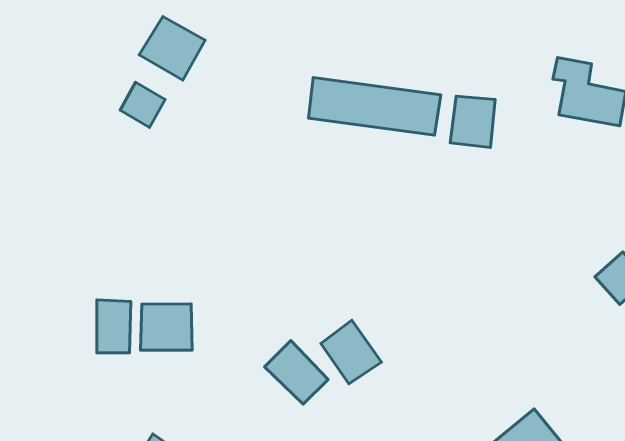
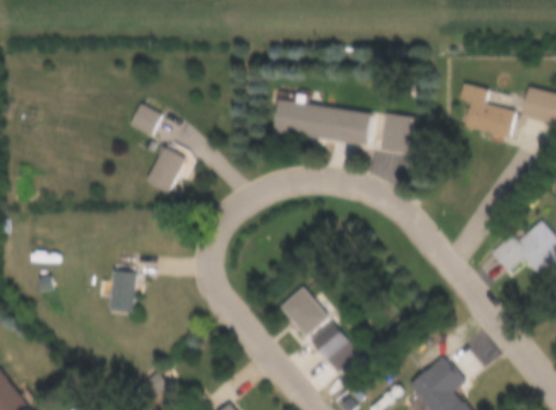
building: [139,16,205,80] -> none
building: none -> [142,145,185,192]
building: [141,304,192,350] -> none
building: [264,340,328,404] -> [311,322,360,371]

